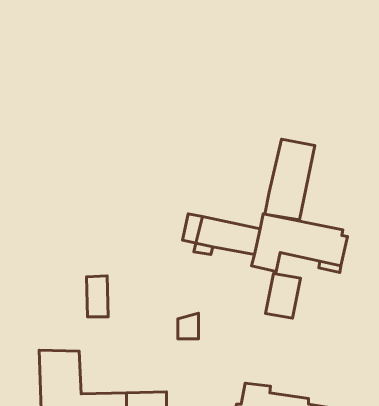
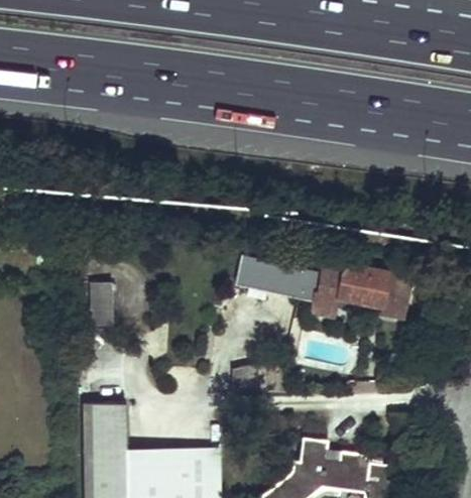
building: [265,139,315,220] -> none
building: [265,273,300,318] -> none
building: [86,276,108,317] -> [90,282,113,326]

